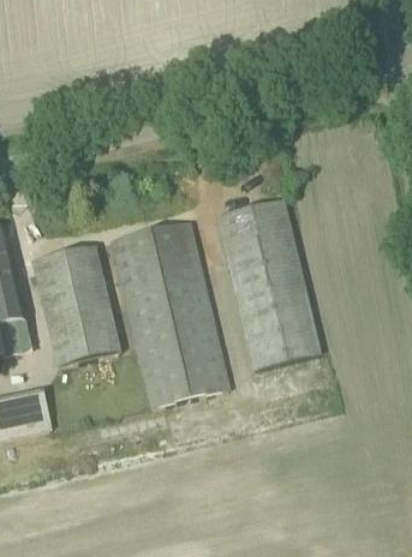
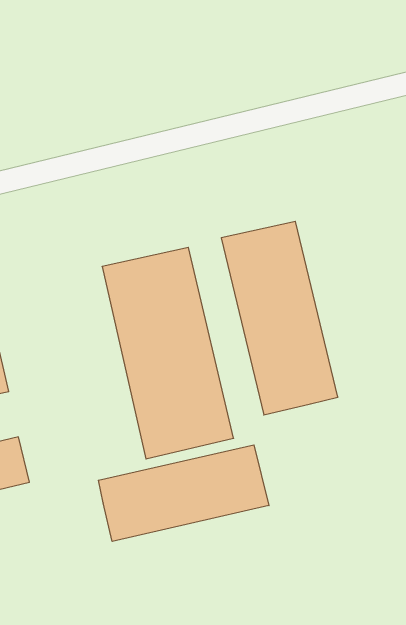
building: [32,244,119,364] -> none
building: none -> [98,445,269,541]

